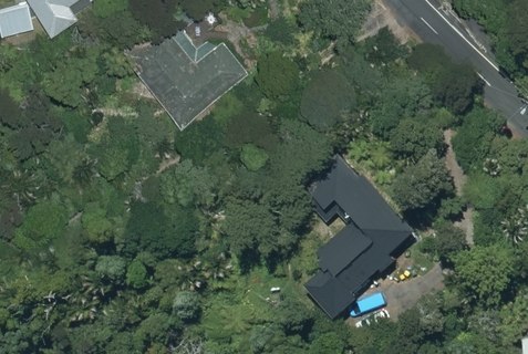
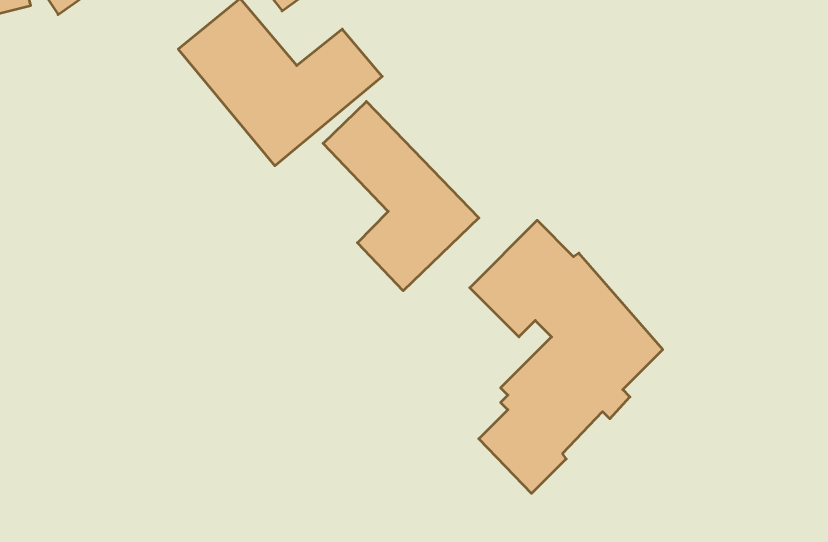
building: none -> [323,101,479,291]

